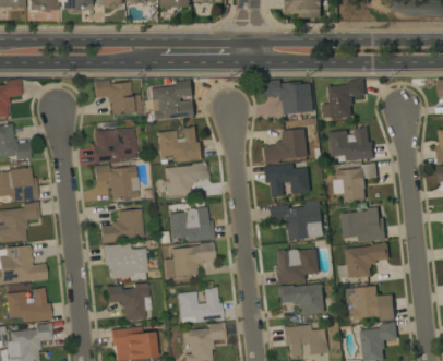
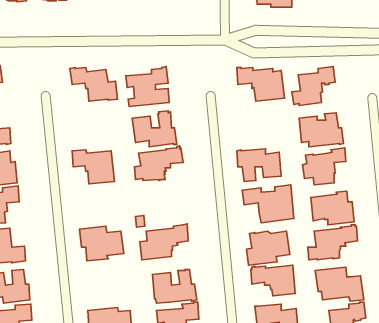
building: [92,128,135,164] -> none
building: [264,129,308,164] -> none
building: [168,207,214,242] -> none
building: [99,208,143,243] -> none
building: [105,282,151,321] -> none

